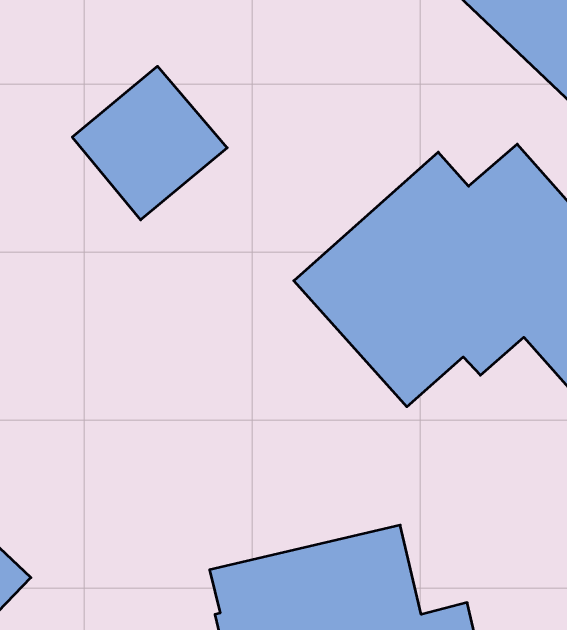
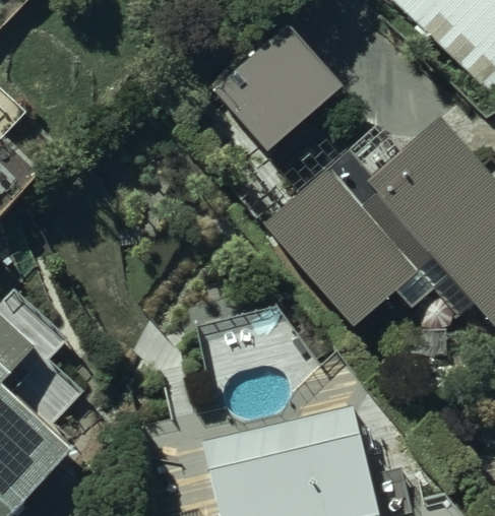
building: [72,66,227,220] -> [212,41,332,159]

